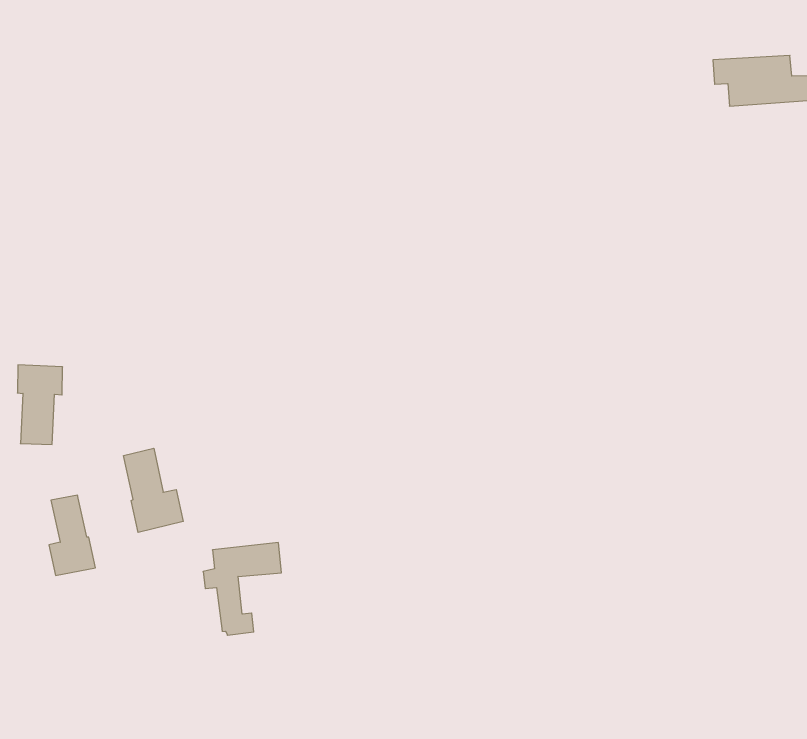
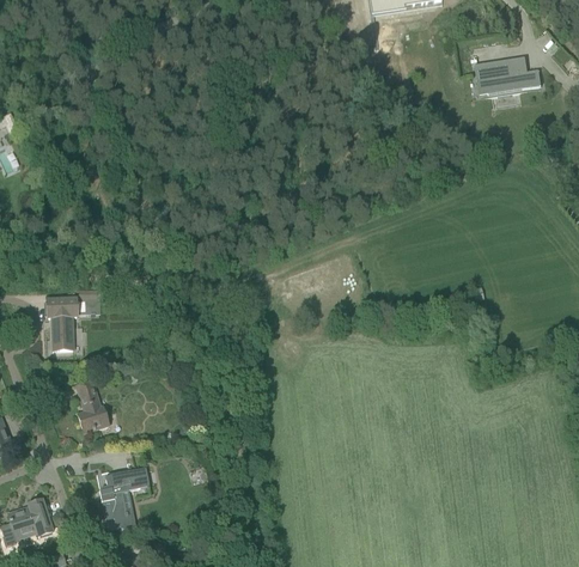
building: [124,448,183,532] -> none
building: [203,543,281,635] -> [99,467,150,529]

